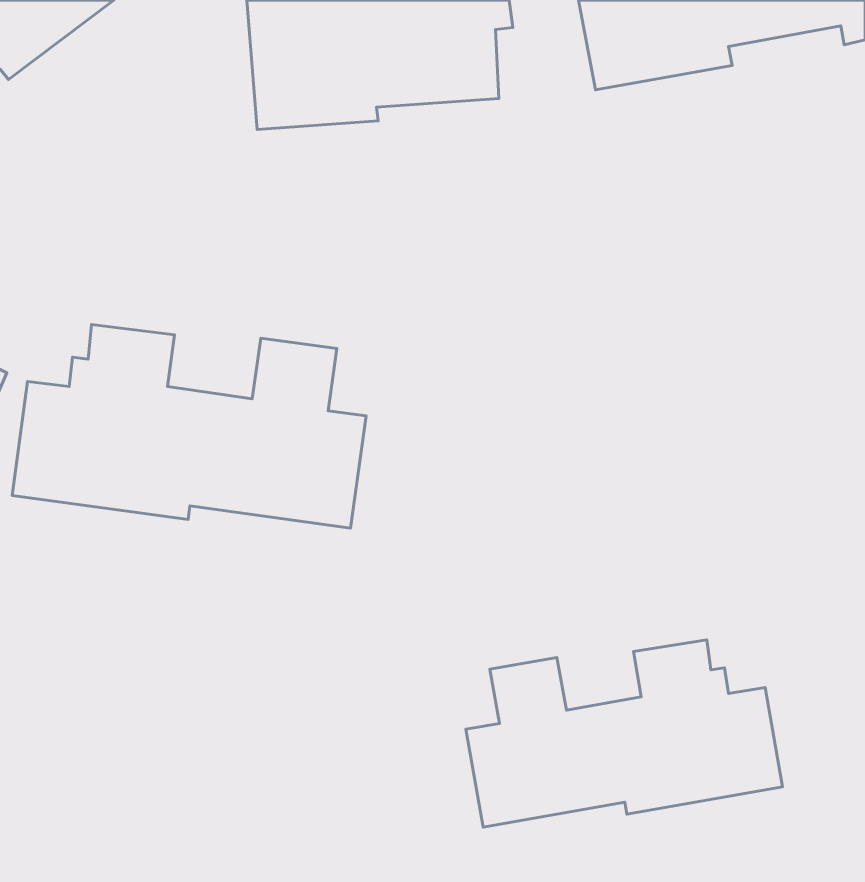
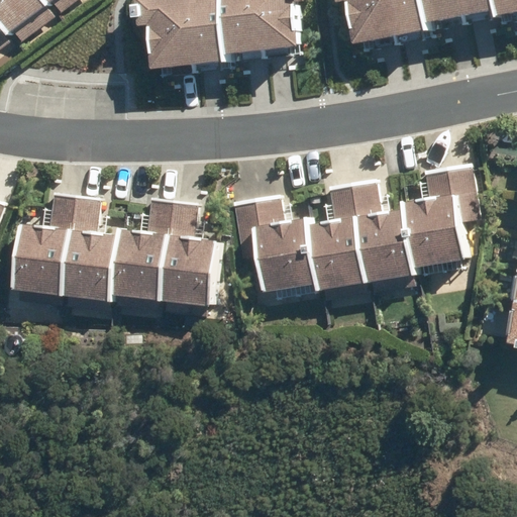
building: none -> [234,163,481,293]
building: [466,640,782,827] -> none

